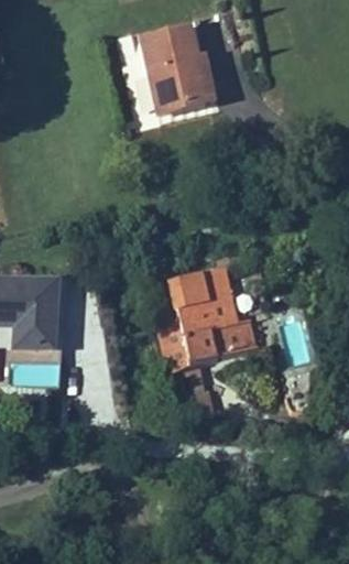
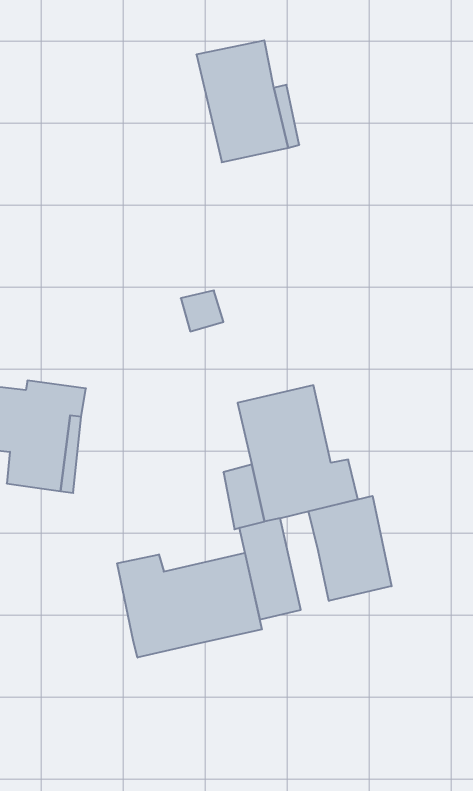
building: none -> [308,496,392,601]
building: none -> [117,553,262,658]

